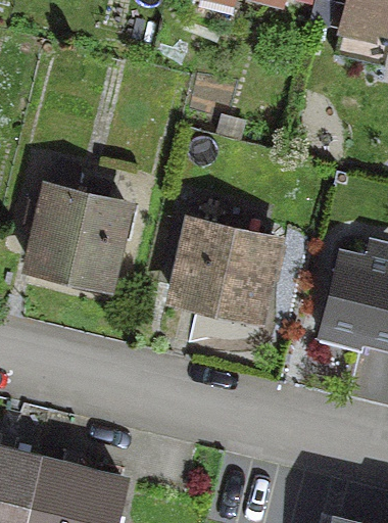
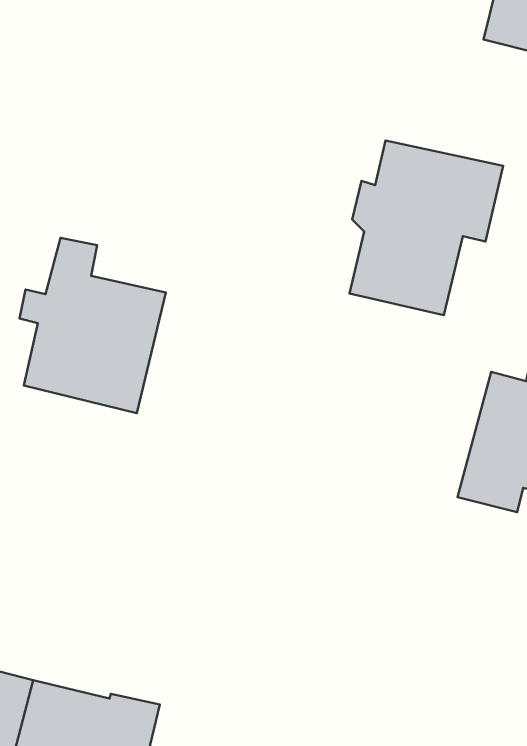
building: none -> [350,140,503,315]
building: [175,220,273,318] -> none

